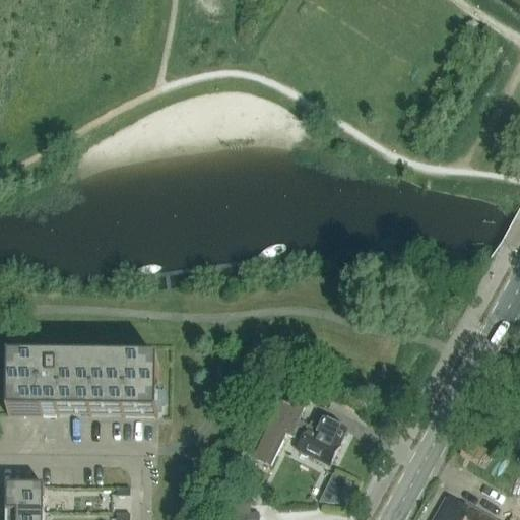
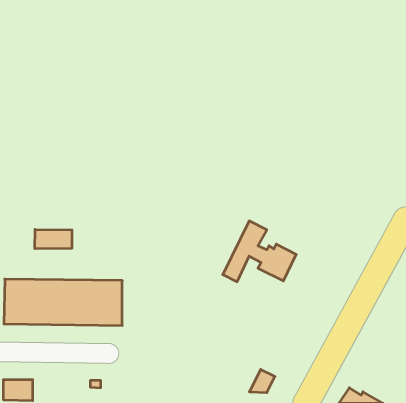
building: none -> [35,229,72,249]
building: [251,385,344,462] -> [223,221,296,282]

